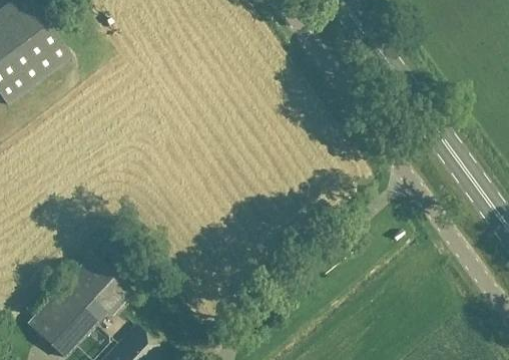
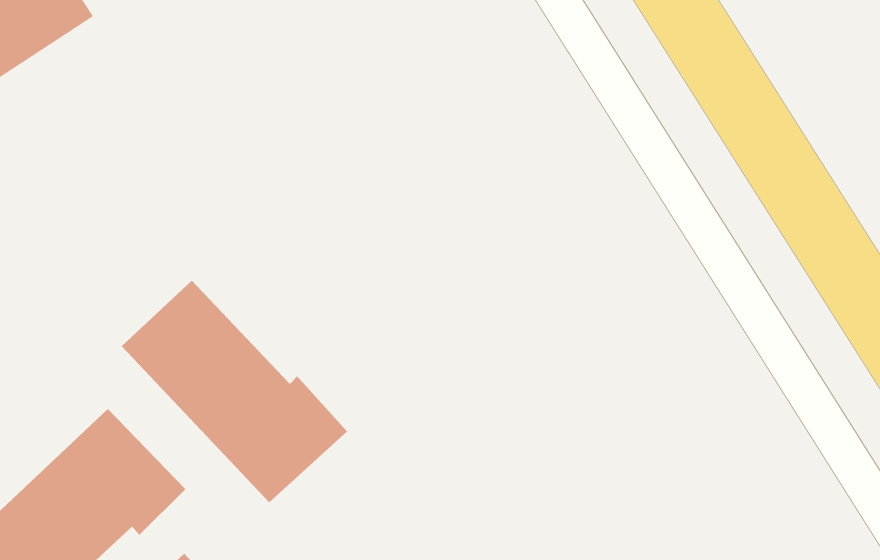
building: none -> [121,280,348,503]

